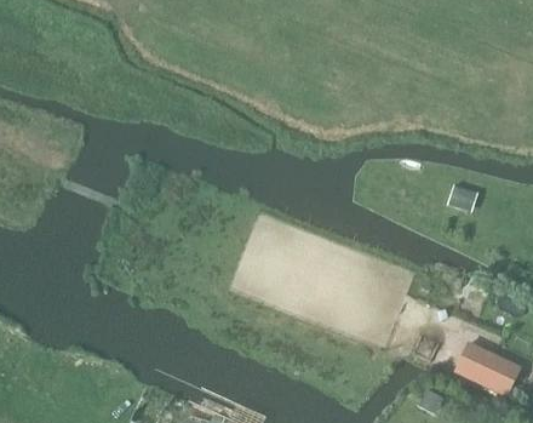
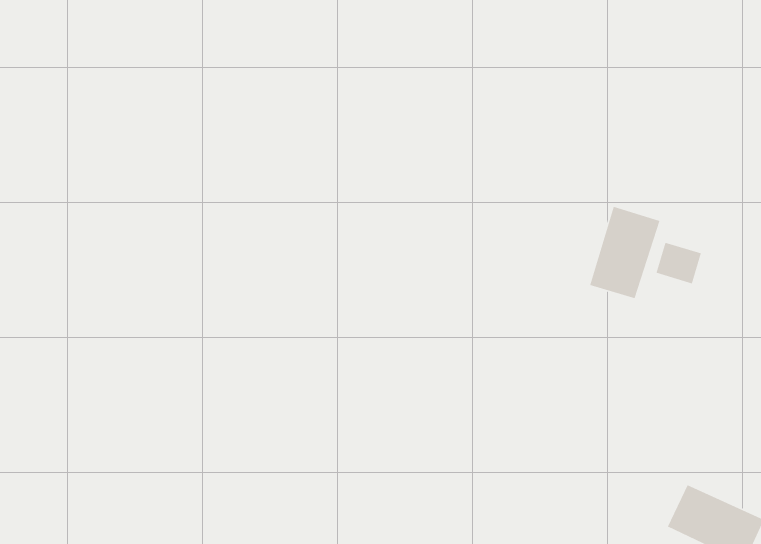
building: none -> [589,206,660,299]

